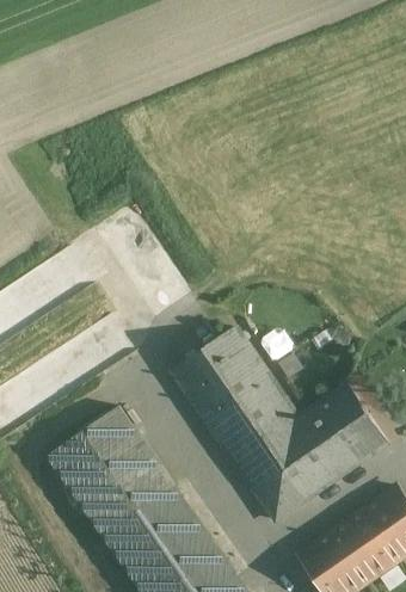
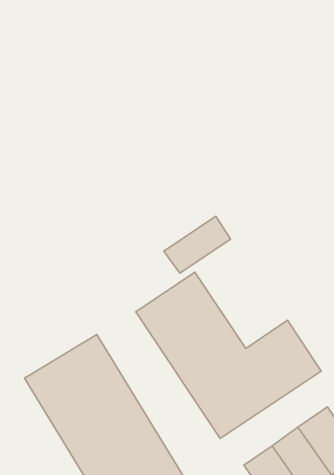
building: none -> [164,216,230,273]

